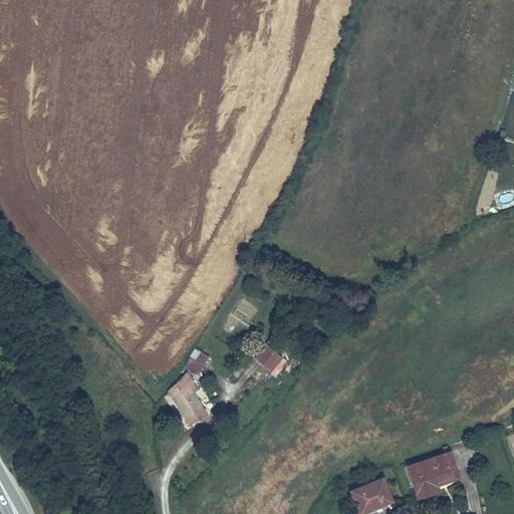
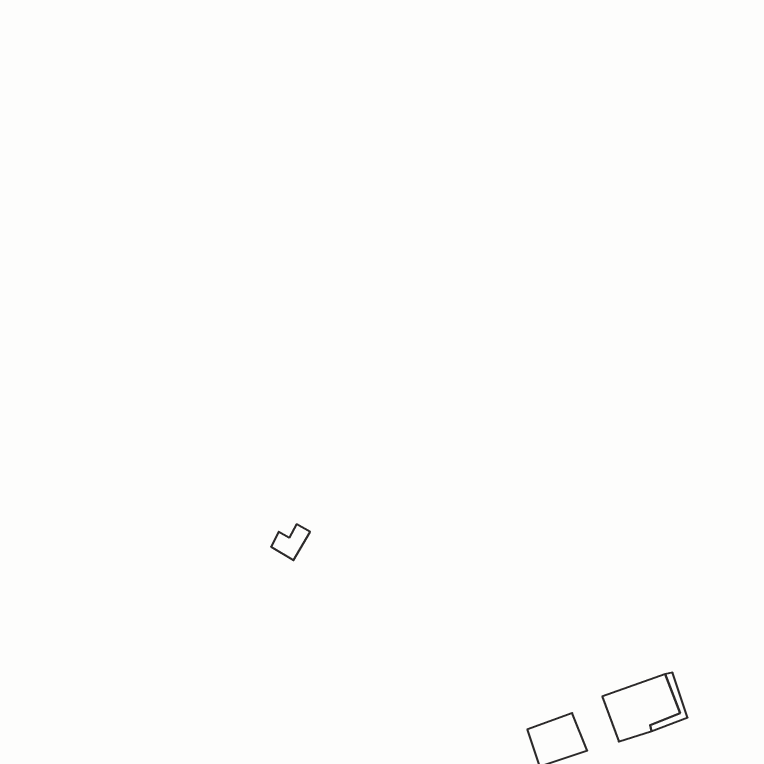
building: [254,342,282,370] -> none
building: [167,372,209,429] -> none

